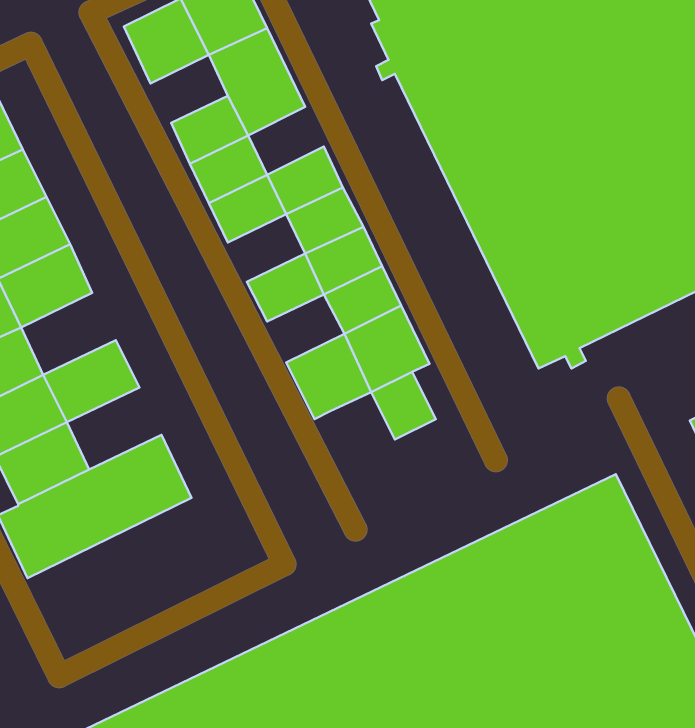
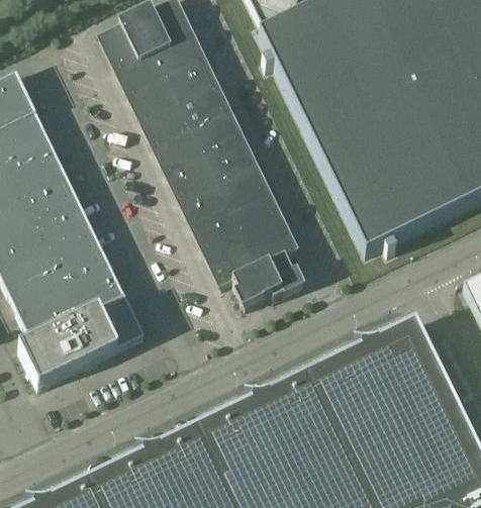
building: none -> [116,48,166,92]
building: none -> [179,82,227,125]
building: none -> [166,150,215,194]
building: none -> [33,201,94,253]
building: none -> [191,202,240,245]
building: none -> [63,262,123,314]
building: none -> [231,265,273,303]

